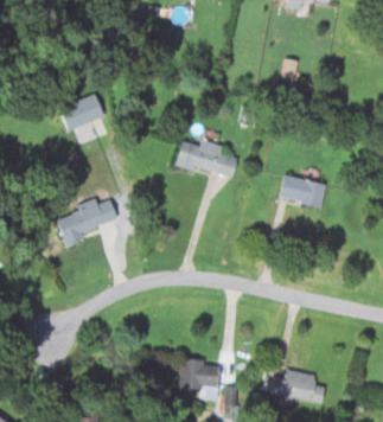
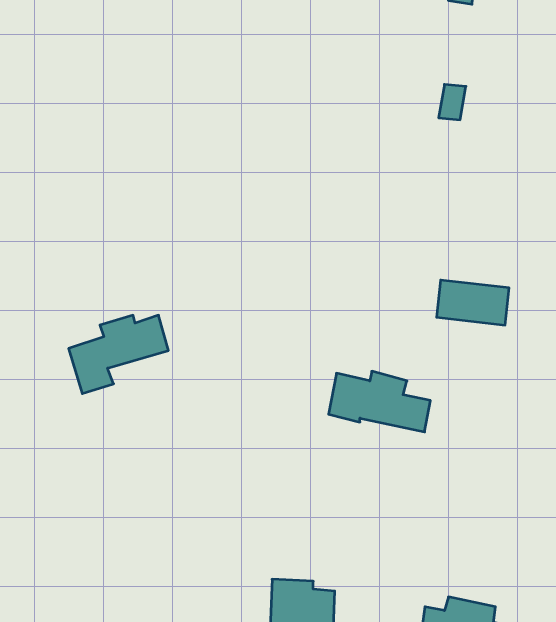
building: [59,95,104,130] -> none
building: [175,140,237,177] -> [329,371,430,432]

